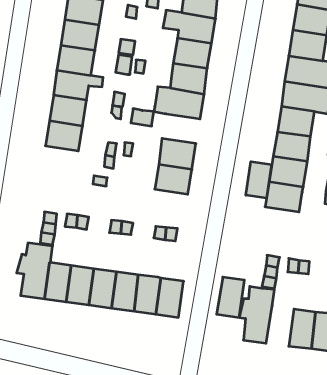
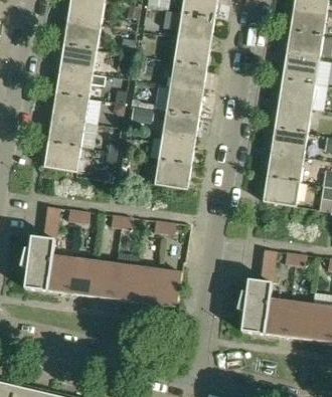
building: none -> [162,111,199,140]
building: none -> [44,142,80,172]
building: [246,162,272,198] -> none
building: [217,277,244,317] -> [264,297,291,337]

